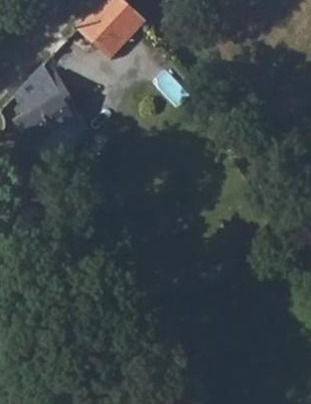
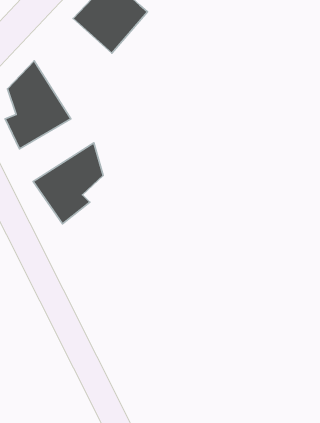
building: none -> [33,143,103,224]

